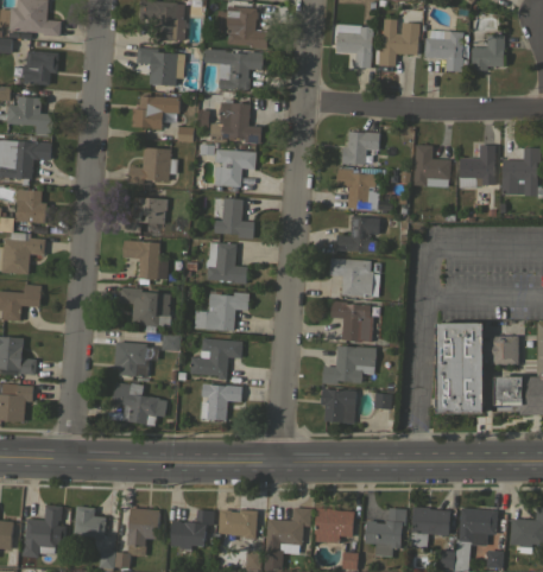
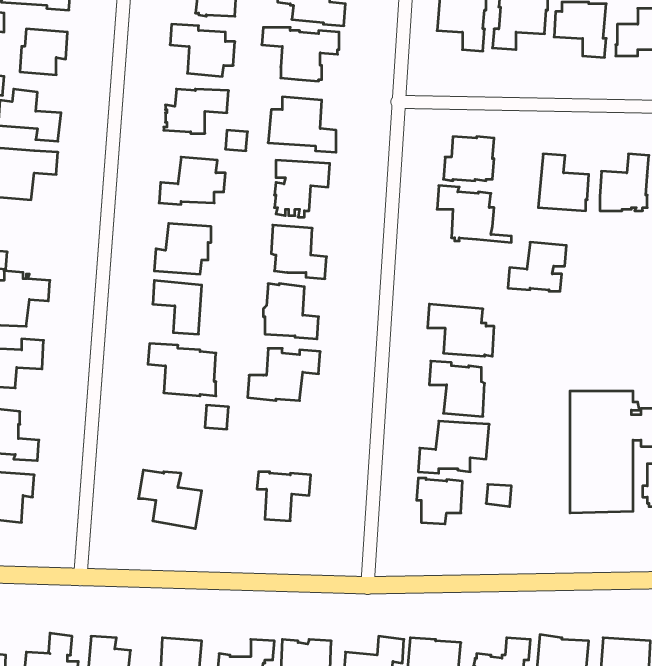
building: [15,190,46,223] -> none
building: [335,216,379,253] -> [508,242,566,291]
building: [189,338,242,379] -> none
building: [114,342,158,377] -> none

